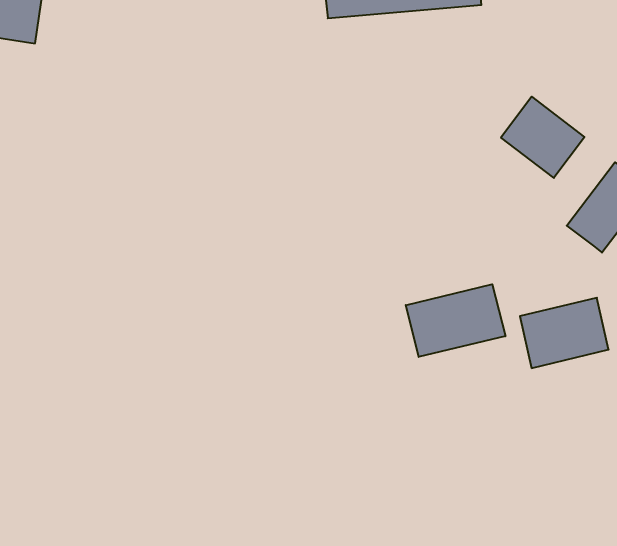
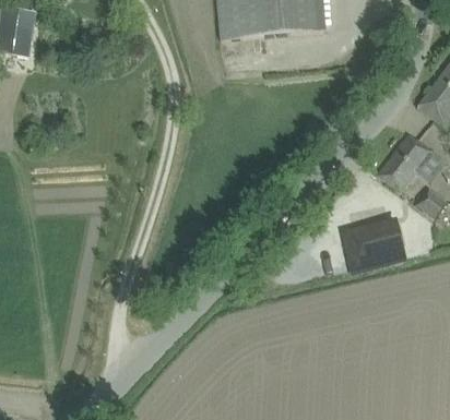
building: [501,97,584,178] -> none
building: [406,284,505,357] -> none

